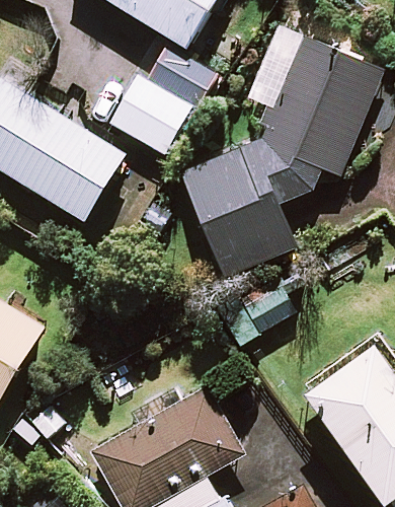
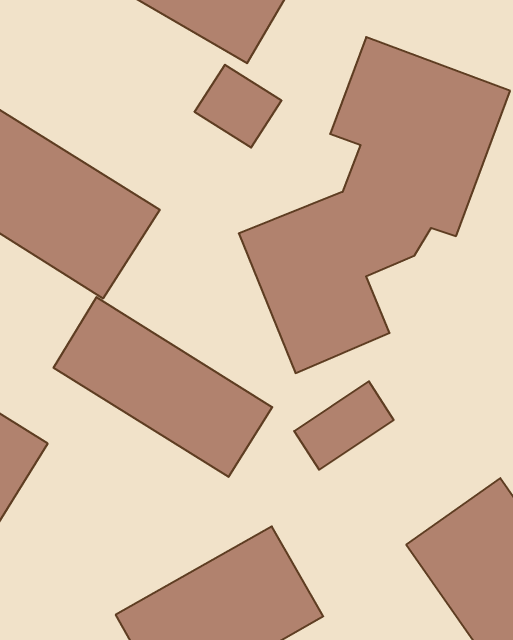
building: [110,76,191,154] -> none
building: none -> [54,297,272,477]

